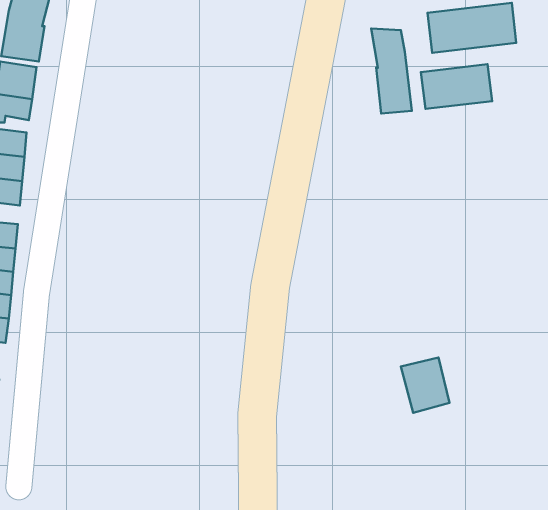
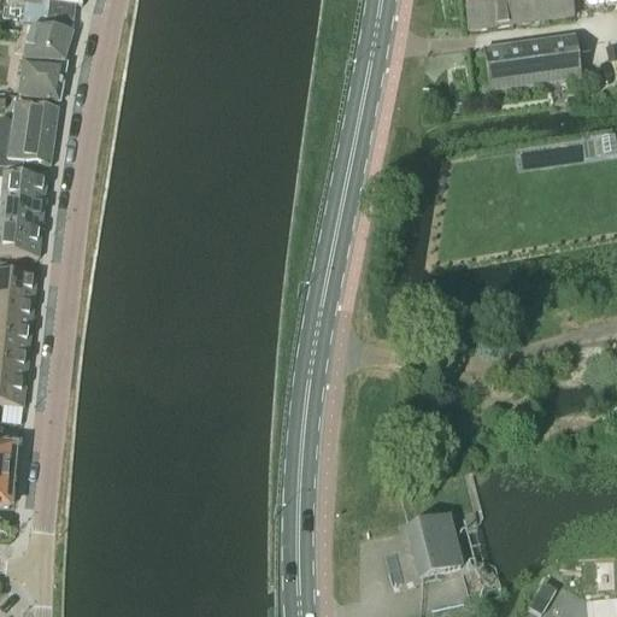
building: [371,28,412,113] -> none
building: [421,64,492,109] -> none
building: [401,358,450,413] -> [406,512,459,572]

